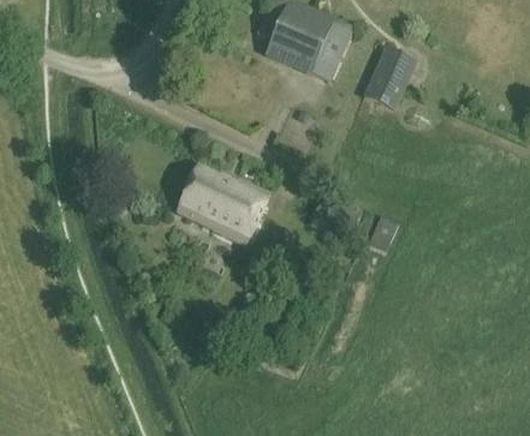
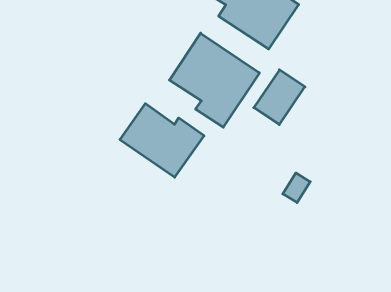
building: [362,47,416,109] -> [254,70,305,125]
building: none -> [169,33,259,127]

